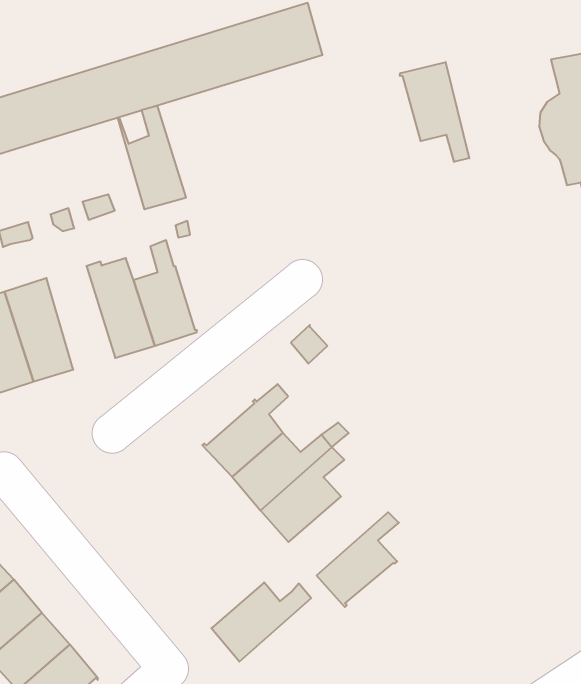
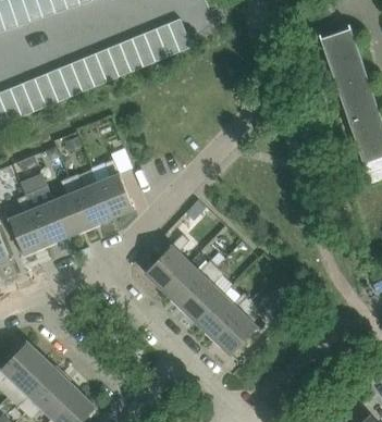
building: [400,62,469,162] -> none
building: [118,106,186,209] -> [47,177,89,236]
building: [211,582,311,662] -> [196,293,250,339]

